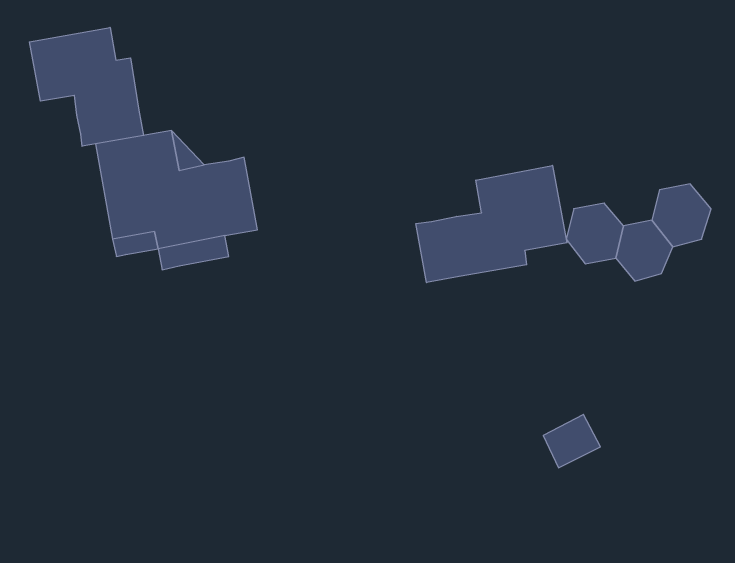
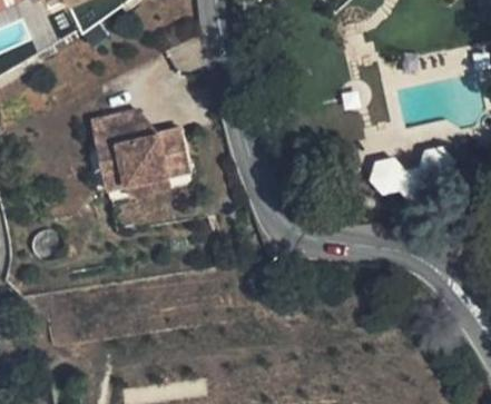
building: [29,27,144,146] -> none
building: [416,165,567,283] -> none

